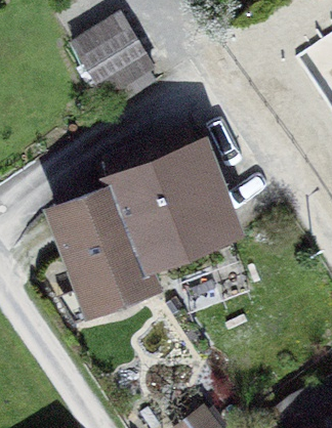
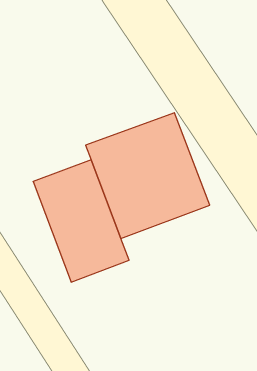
building: [77,24,153,102] -> none

